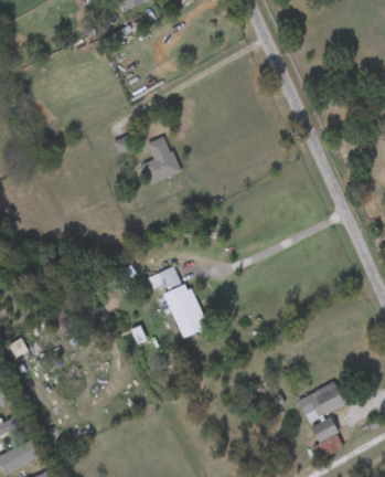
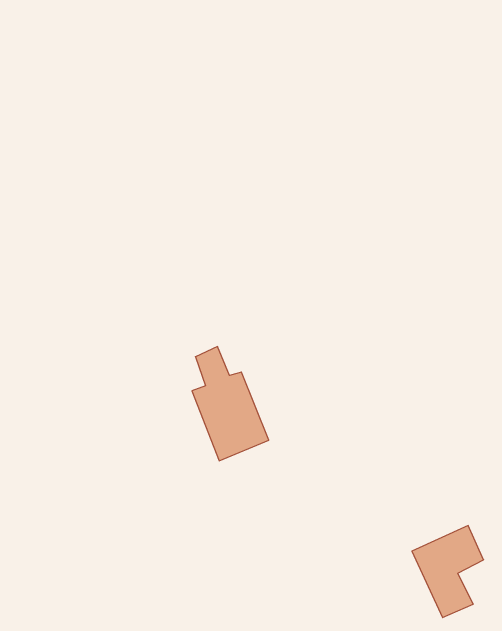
building: [142,135,180,183] -> none

